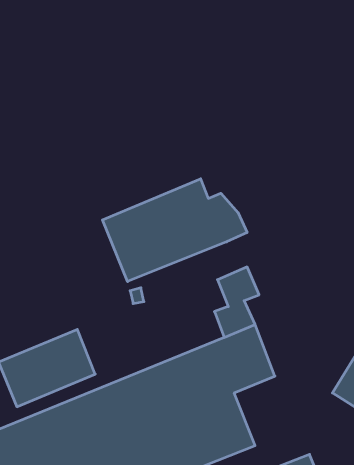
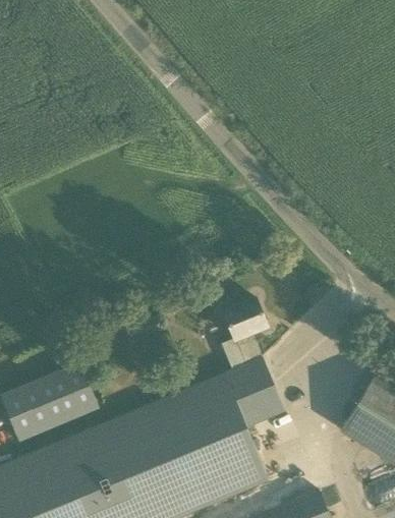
building: [102,179,247,282] -> none

